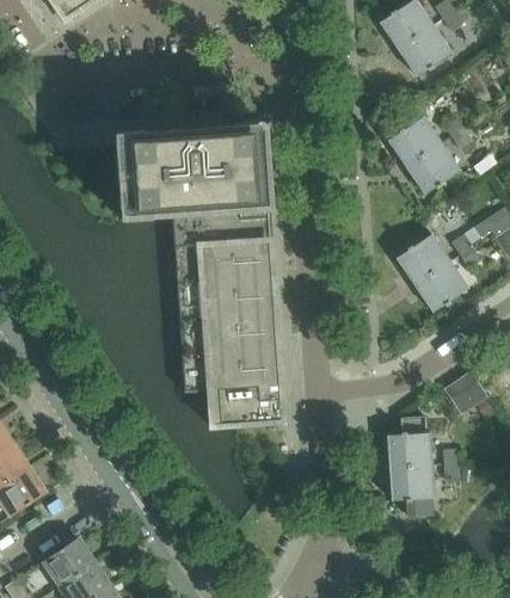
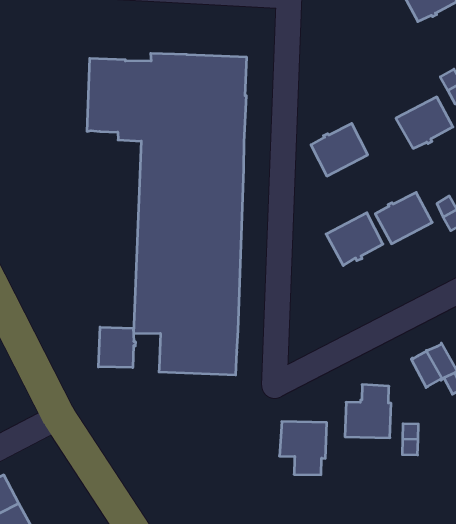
building: [388,116,442,167] -> [311,123,368,176]
building: [414,260,468,312] -> [326,213,383,266]
building: none -> [98,327,135,368]
building: [391,464,435,516] -> [279,422,327,475]

